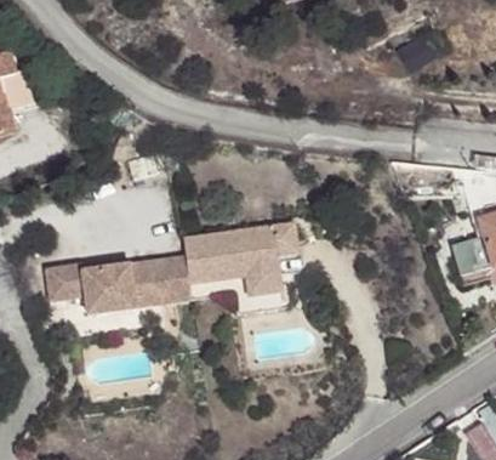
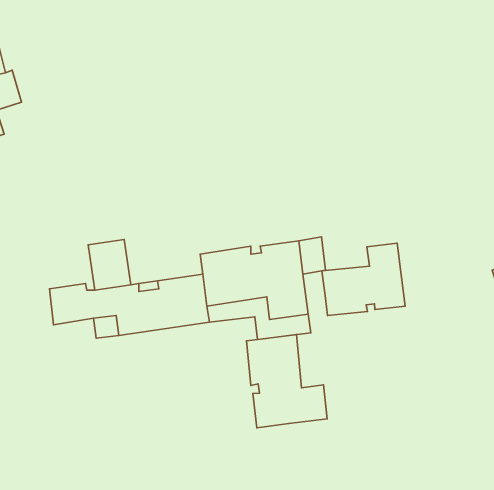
building: none -> [322,243,405,315]
building: none -> [247,335,327,428]

